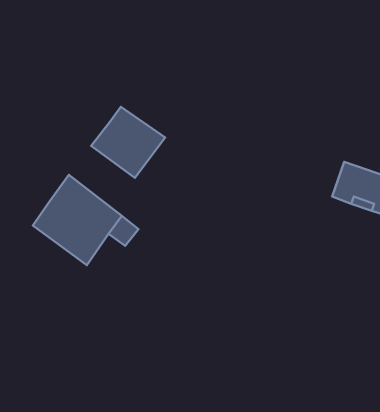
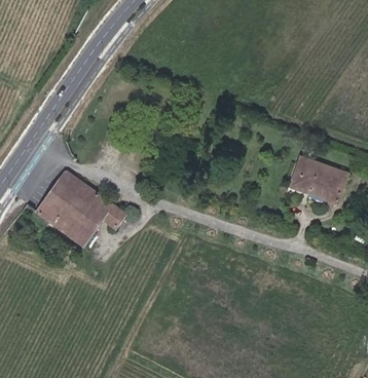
building: [91,107,165,178] -> none

